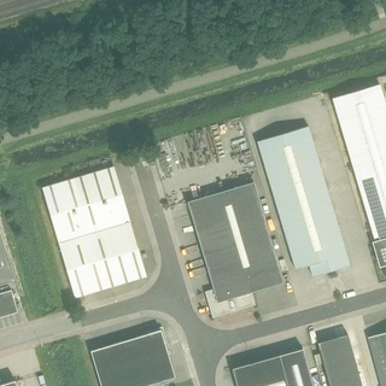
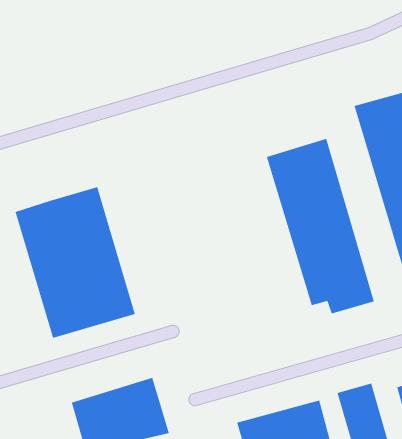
building: [187,182,283,317] -> none

